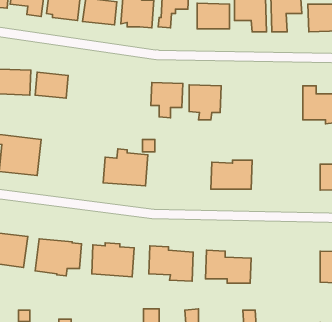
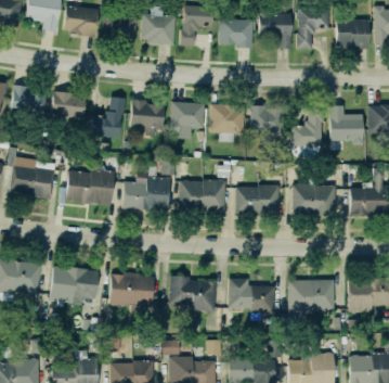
building: none -> [90,97,126,138]
building: none -> [129,99,164,136]
building: none -> [251,106,285,136]
building: none -> [291,106,323,145]
building: none -> [64,166,114,205]
building: none -> [177,178,225,215]
building: none -> [293,178,336,216]
building: none -> [287,279,334,312]

